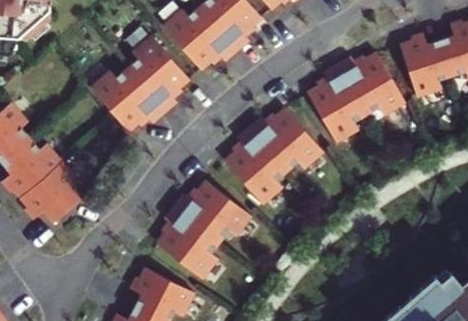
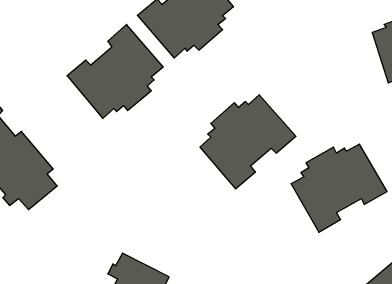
building: [308,50,405,139] -> [291,144,387,232]
building: [160,183,255,279] -> none

